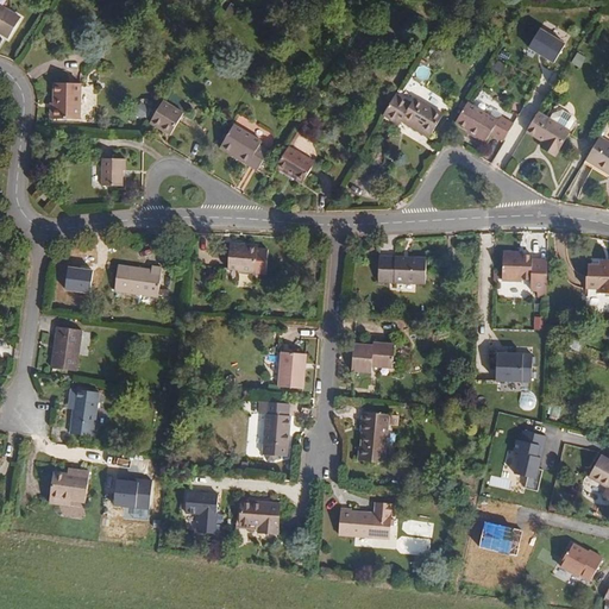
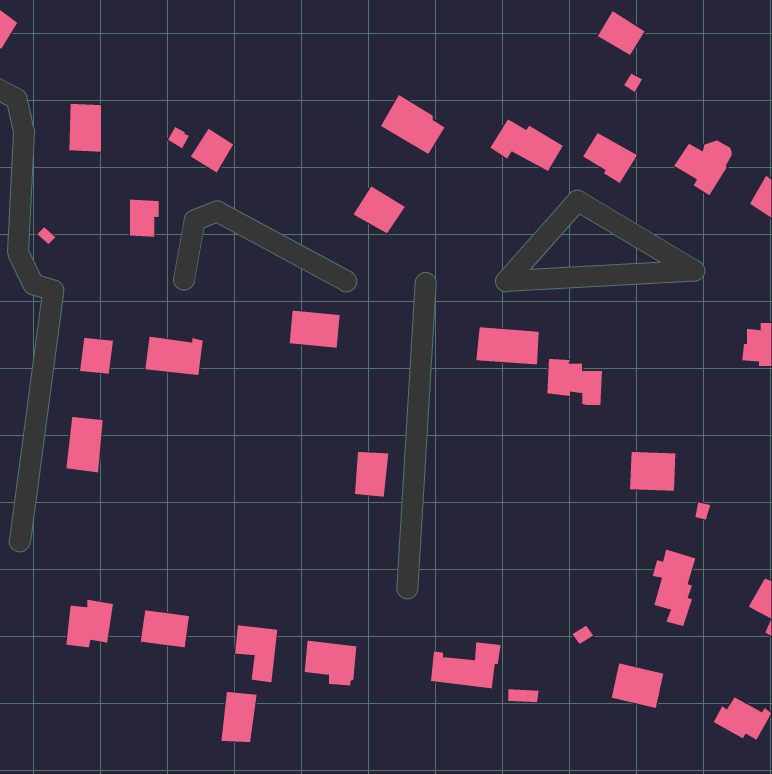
building: [528,26,566,62] -> [597,10,646,56]
building: [222,123,274,170] -> [380,94,446,155]
building: [496,243,540,280] -> [546,358,603,406]
building: [351,344,393,376] -> none
building: [69,388,102,437] -> none
building: [257,401,288,459] -> none
building: [359,413,387,465] -> none
building: none -> [221,691,257,743]

